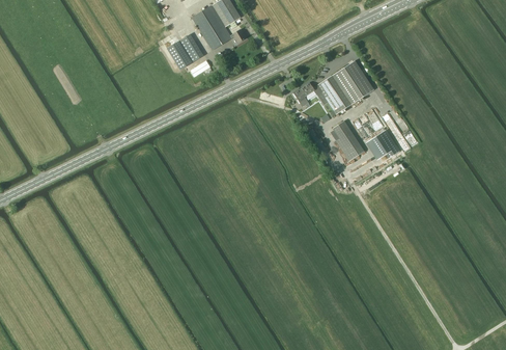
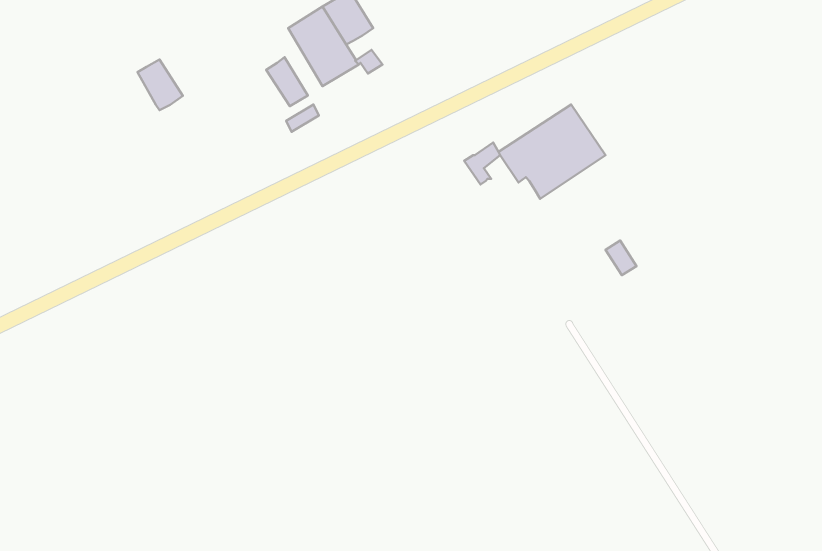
building: [167,41,193,70] -> [138,59,183,110]
building: [330,120,364,161] -> none

